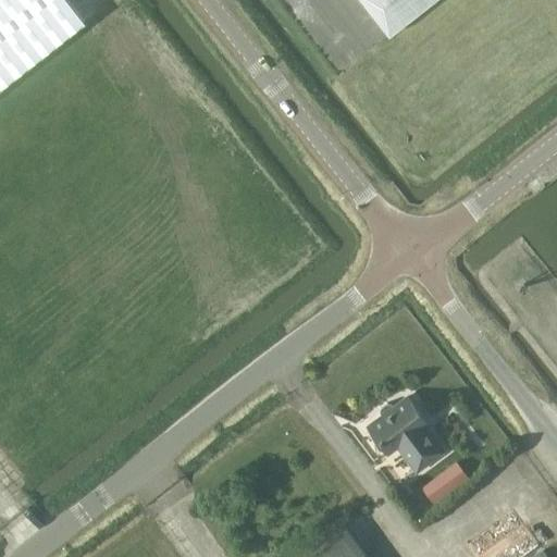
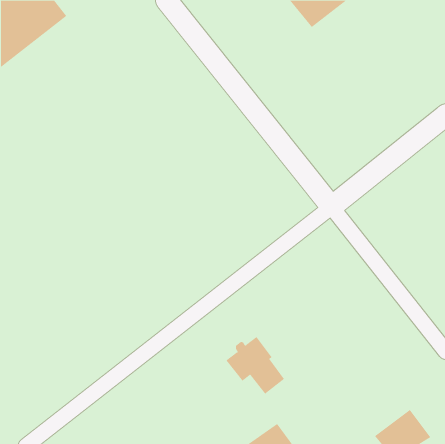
building: [369,398,443,471] -> [226,336,285,395]
building: [422,462,469,505] -> none

